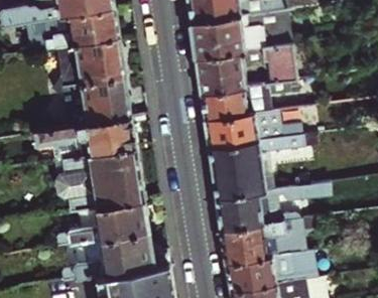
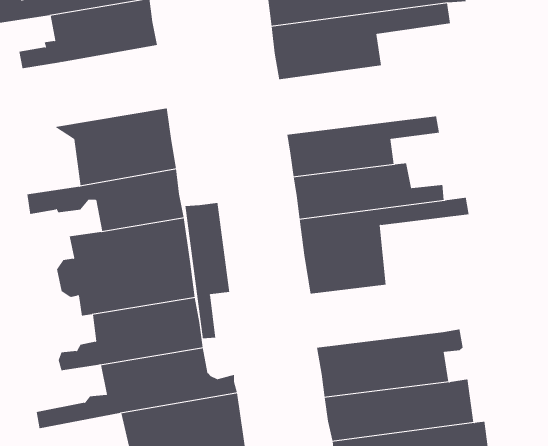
building: [50,33,123,86] -> none
building: [195,42,296,91] -> none
building: none -> [185,202,230,339]
building: [215,172,330,228] -> none

